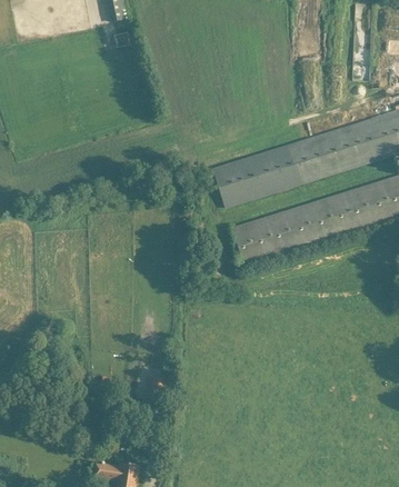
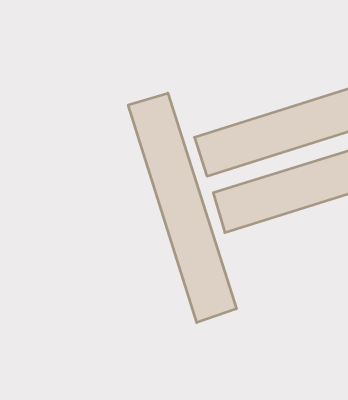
building: none -> [128,93,236,323]

